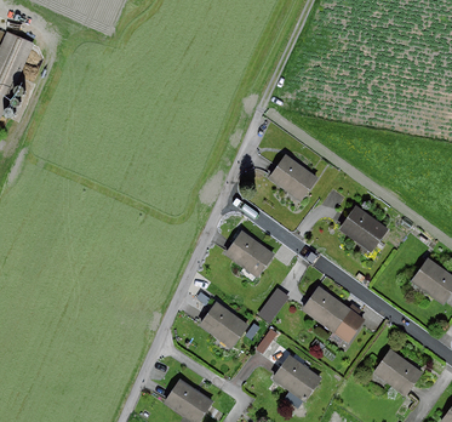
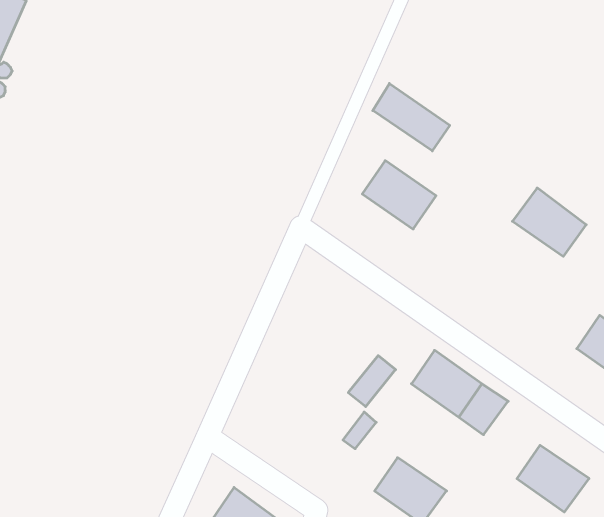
building: none -> [373,83,450,151]
building: [338,204,389,251] -> [512,188,586,256]
building: [224,232,274,278] -> none
building: [198,302,246,348] -> none

